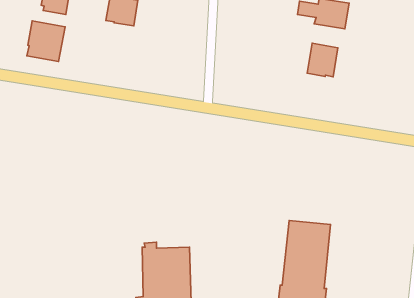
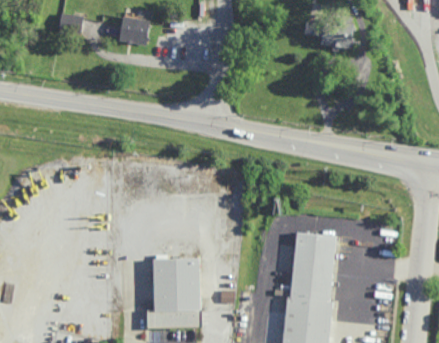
building: [27,21,65,61] -> none
building: [307,43,338,77] -> none

